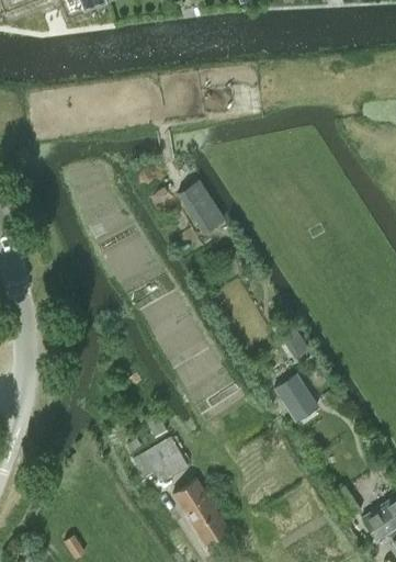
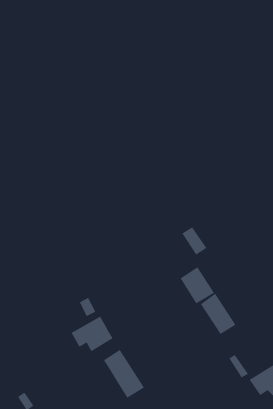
building: [177,180,225,234] -> none
building: none -> [200,293,236,335]

